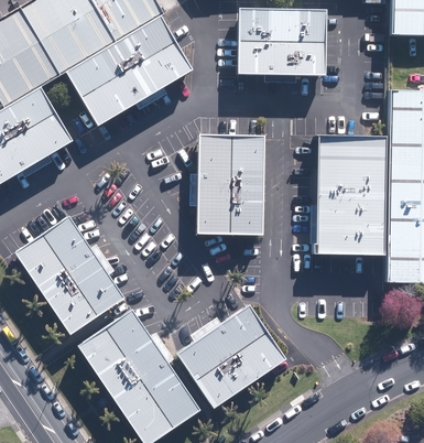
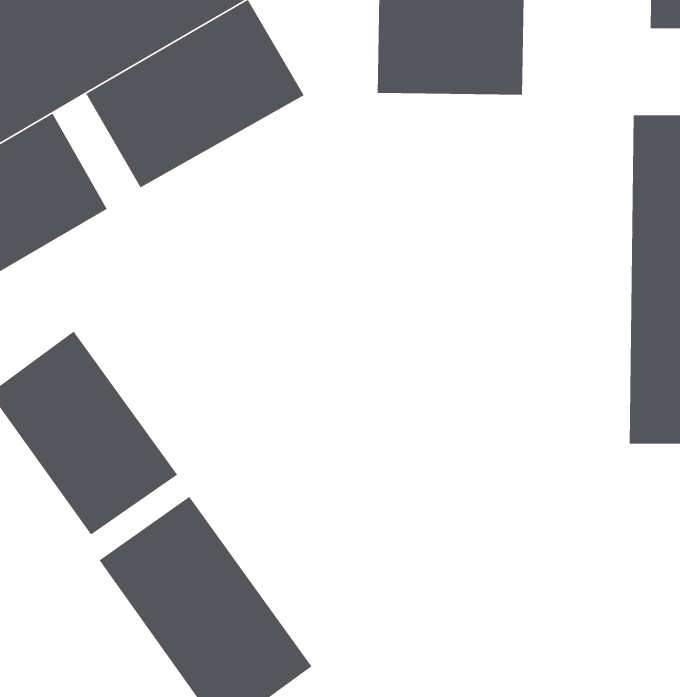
building: [314,132,379,252] -> none
building: [198,136,270,238] -> none
building: [177,303,283,403] -> none

